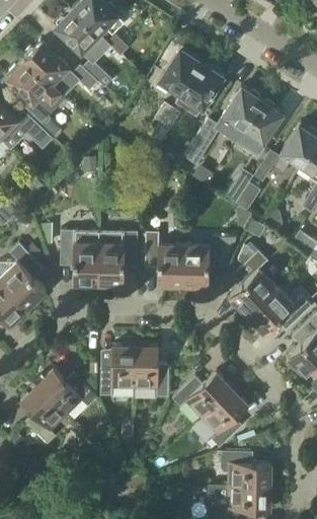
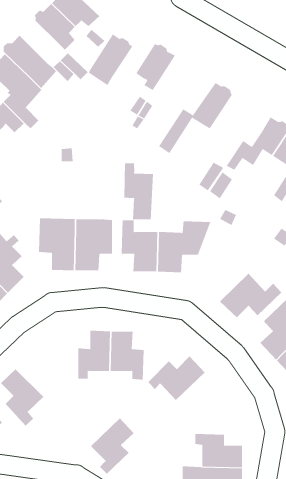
building: [176,63,223,117] -> [88,34,133,86]
building: [237,103,281,152] -> none
building: none -> [124,162,154,220]
building: [229,246,276,316] -> none
building: [36,369,96,415] -> none
building: [202,389,247,448] -> [90,418,134,475]

